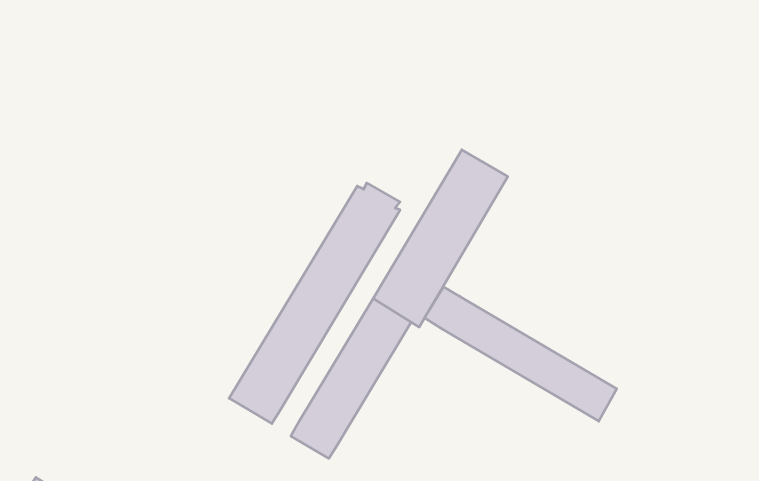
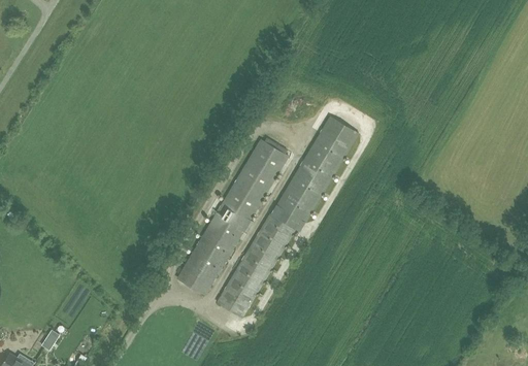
building: [424,287,617,421] -> none

